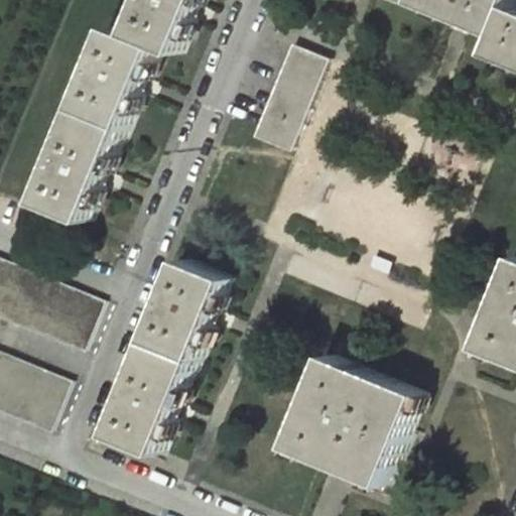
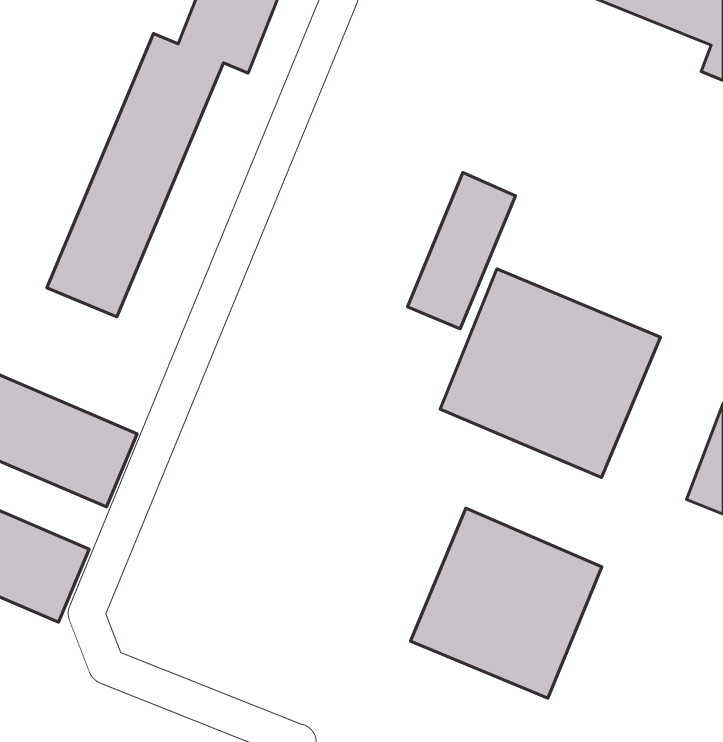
building: [245,40,319,148] -> [407,173,516,329]
building: none -> [440,269,661,477]
building: [105,256,224,450] -> none

